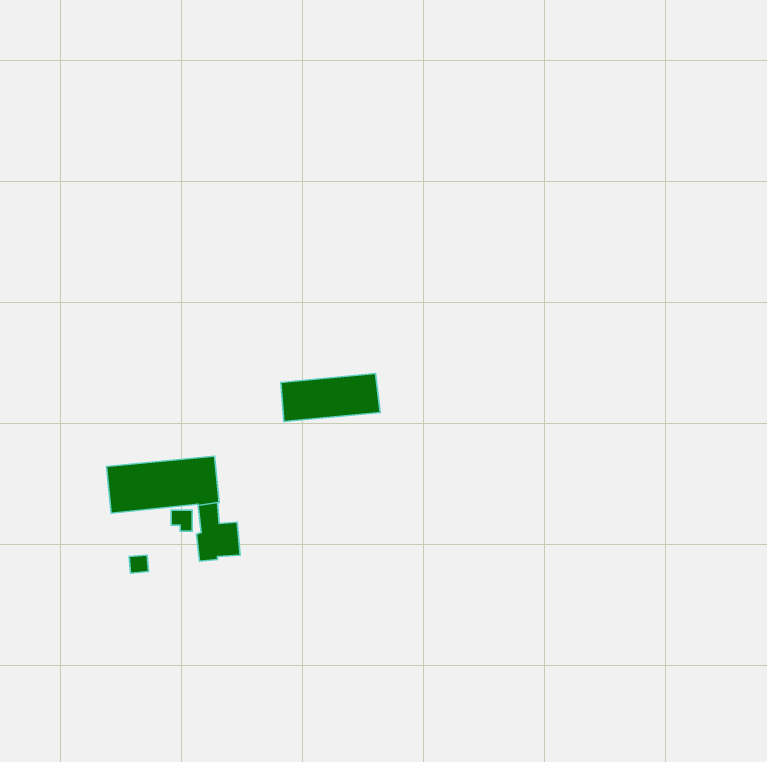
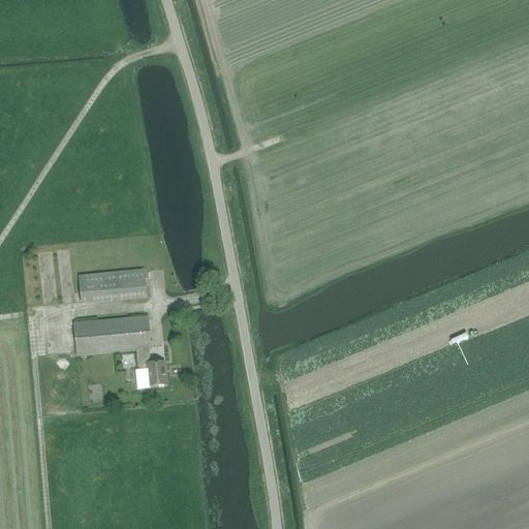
building: [281,373,380,421] -> [79,268,147,301]

